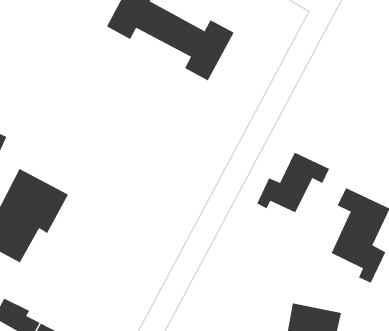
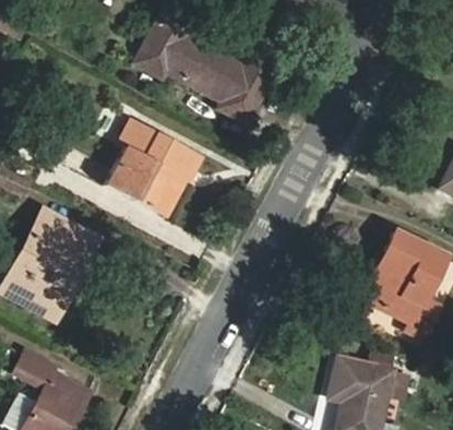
building: none -> [104,132,202,214]
building: [257,152,330,213] -> none

